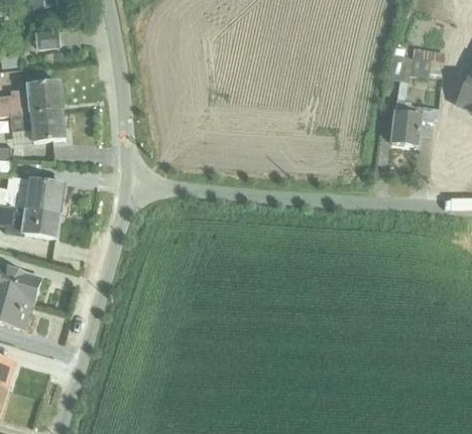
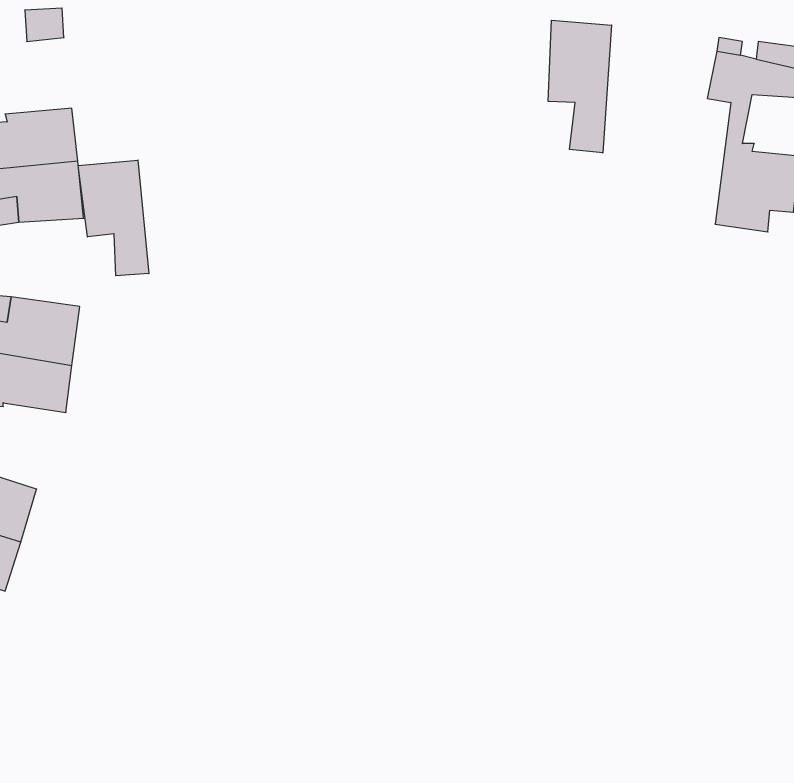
building: none -> [548,20,612,153]
building: none -> [78,160,149,276]

